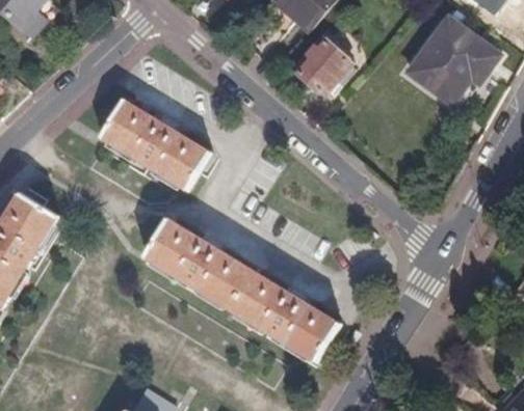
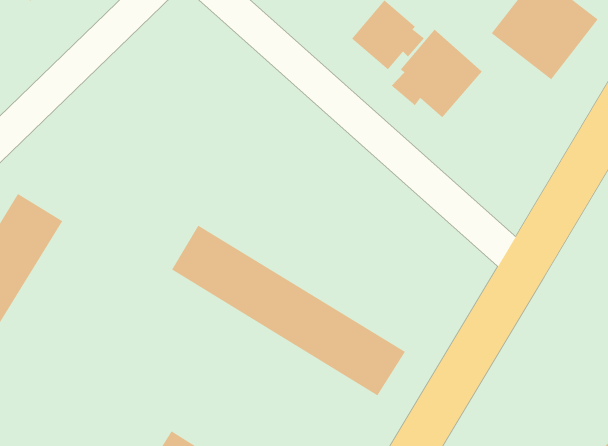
building: none -> [391,29,483,118]
building: [102,101,212,191] -> none

